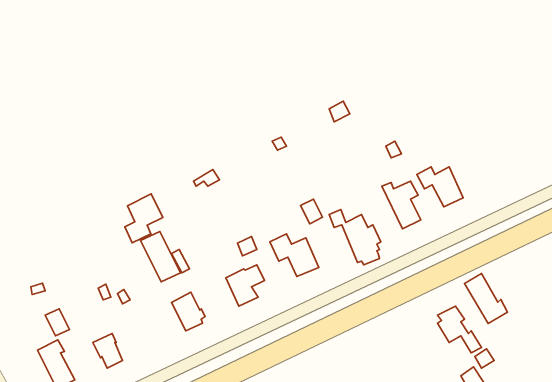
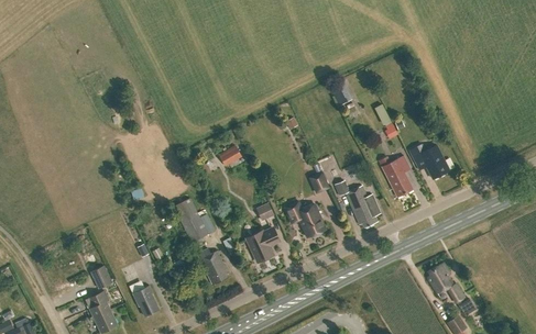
building: [125,194,163,243] -> none
building: [465,274,508,323] -> none

